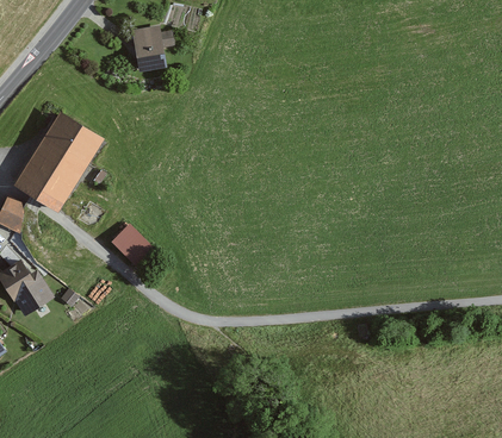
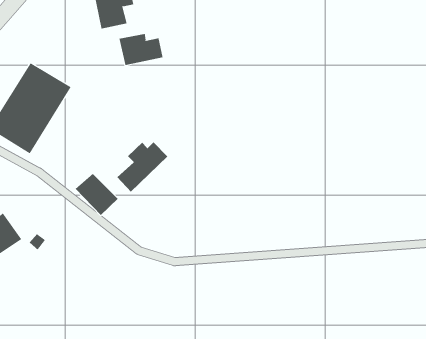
building: none -> [119,33,163,66]
building: none -> [116,141,168,192]

